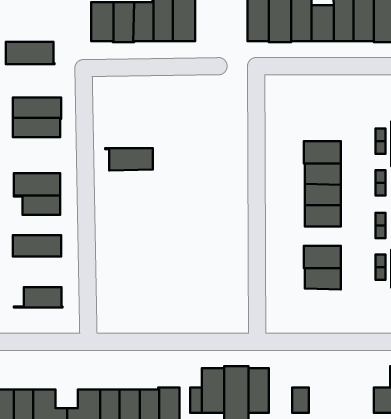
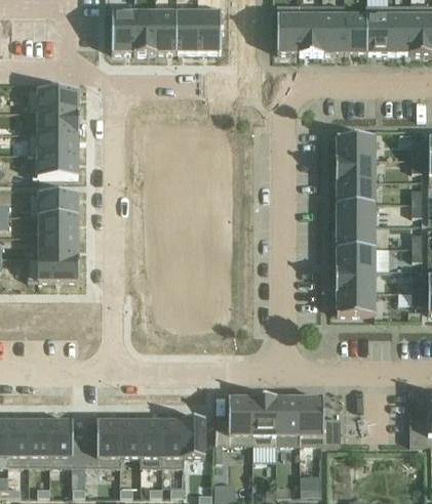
building: [6,42,55,64] -> [28,88,79,112]
building: none -> [337,135,375,158]
building: [105,148,153,171] -> [28,154,78,177]
building: none -> [337,248,375,268]
building: [14,287,62,307] -> [28,236,79,257]
building: none -> [299,397,323,445]

